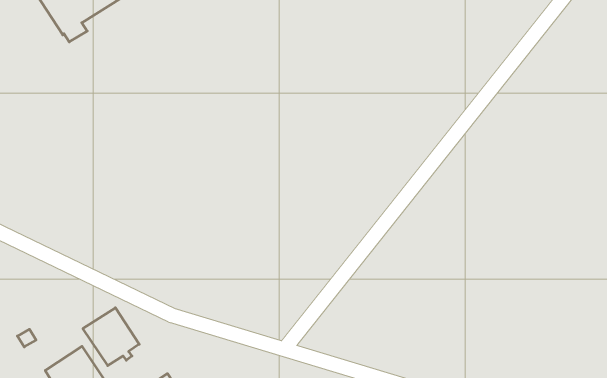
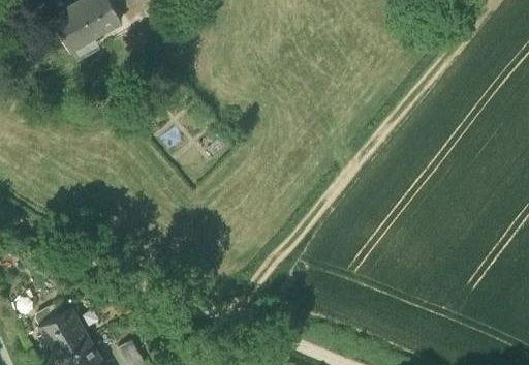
building: [83,308,139,366] -> none

